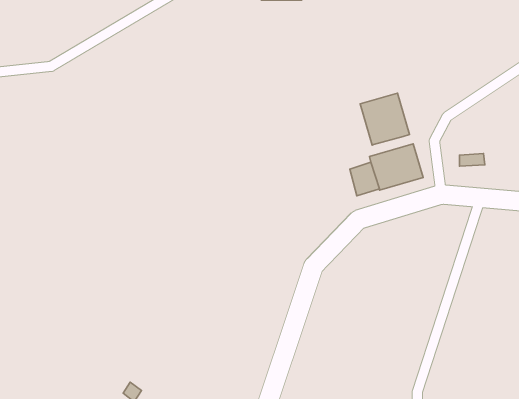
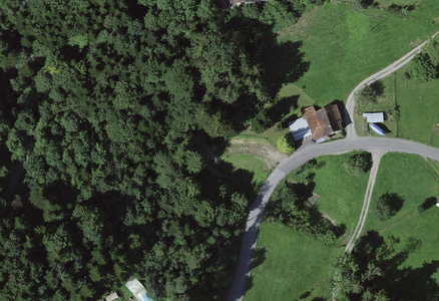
building: [360,93,409,145] -> none

